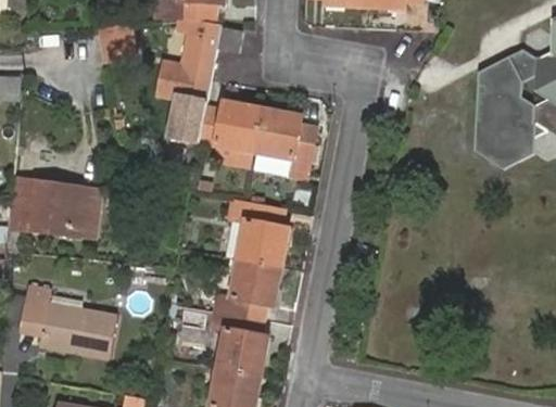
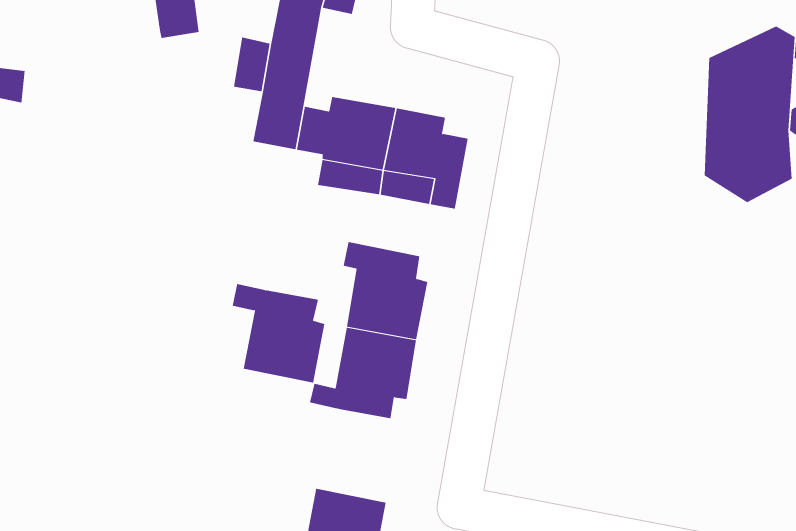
building: [8,182,100,240] -> none
building: [21,282,117,356] -> none
building: [206,304,269,371] -> [232,283,325,383]

